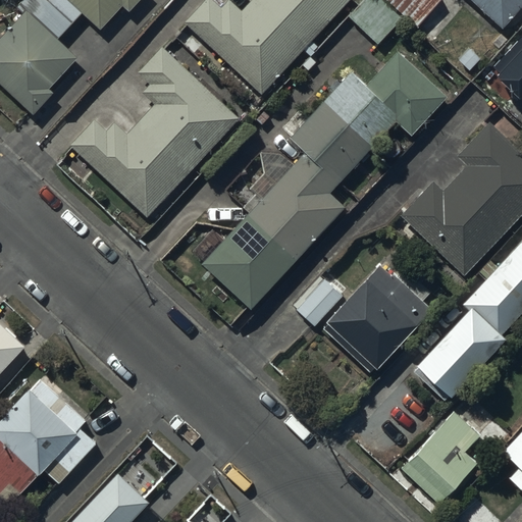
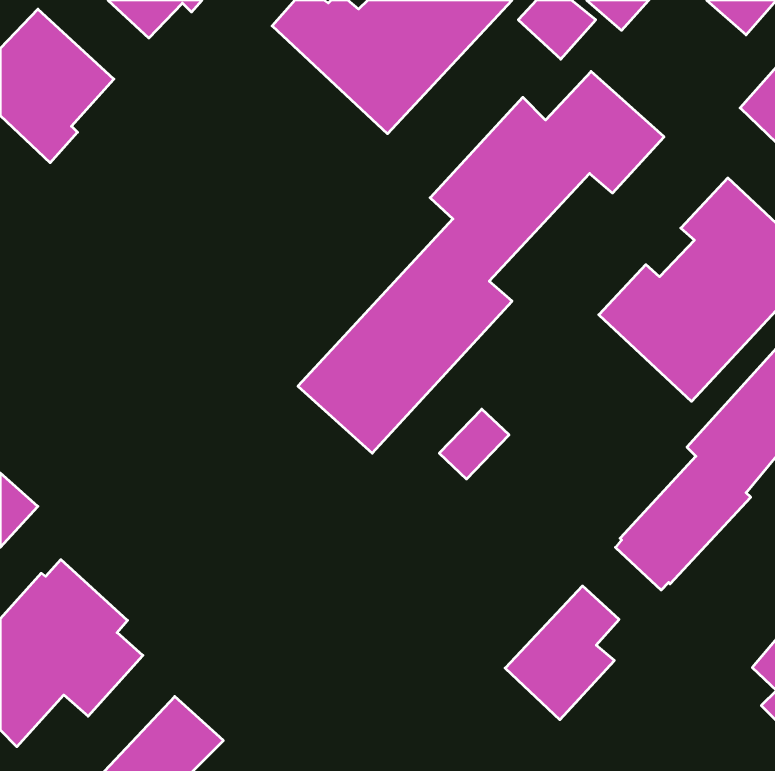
building: [70,46,240,216] -> none
building: [325,263,434,372] -> none
building: [404,414,480,504] -> [505,586,619,720]

